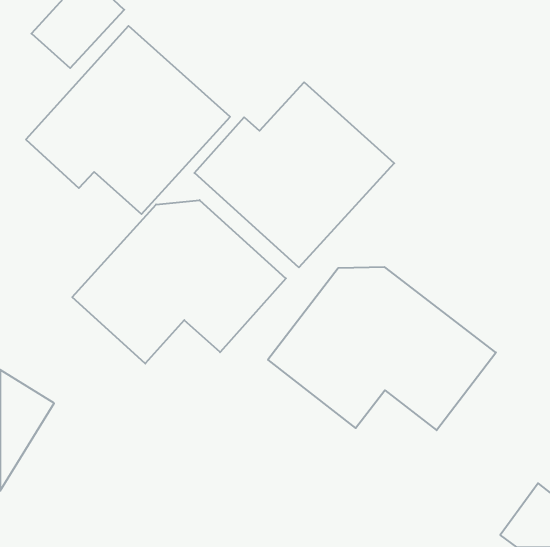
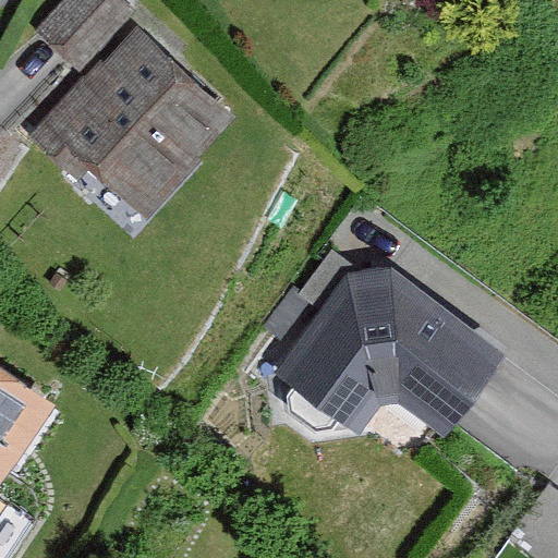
building: [194,82,394,267] -> none
building: [72,200,286,364] -> none

